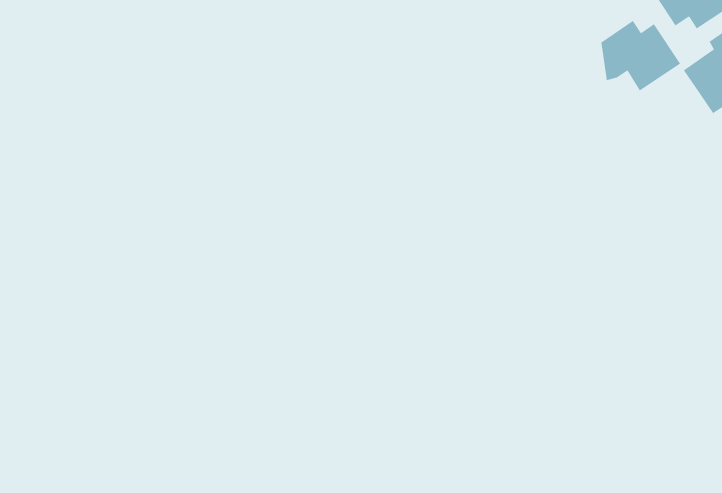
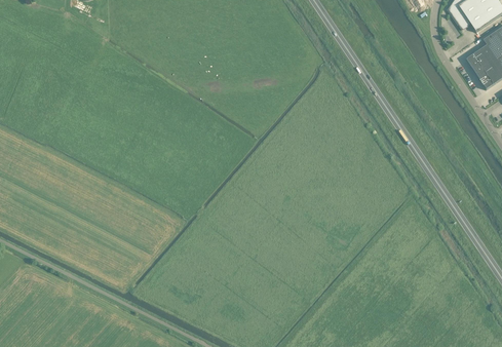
building: [600,20,681,91] -> none

